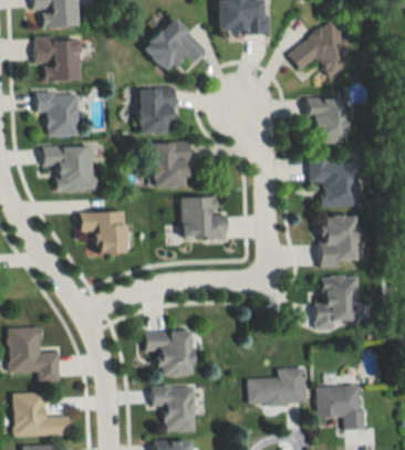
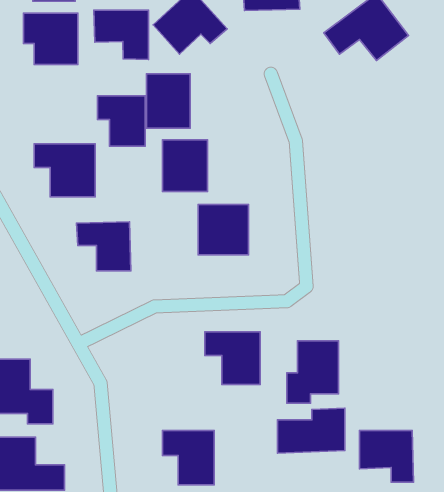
building: none -> [94,10,148,60]
building: [39,93,79,135] -> [98,96,145,146]
building: [310,98,346,143] -> none
building: [310,155,360,207] -> none
building: [321,214,357,264] -> none
building: [315,275,359,327] -> [287,341,338,403]
building: [146,331,193,375] -> [205,332,260,385]

